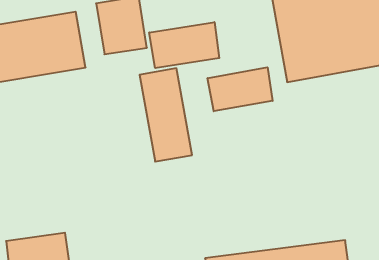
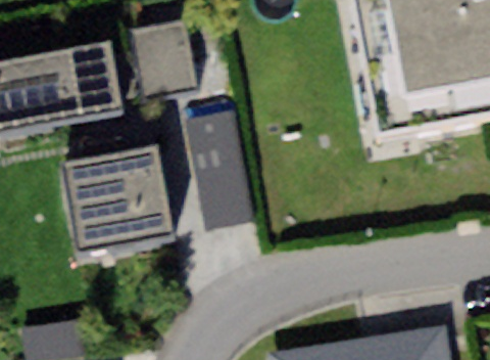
building: [149,22,219,68] -> none
building: [208,67,273,111] -> none
building: none -> [64,146,175,255]

